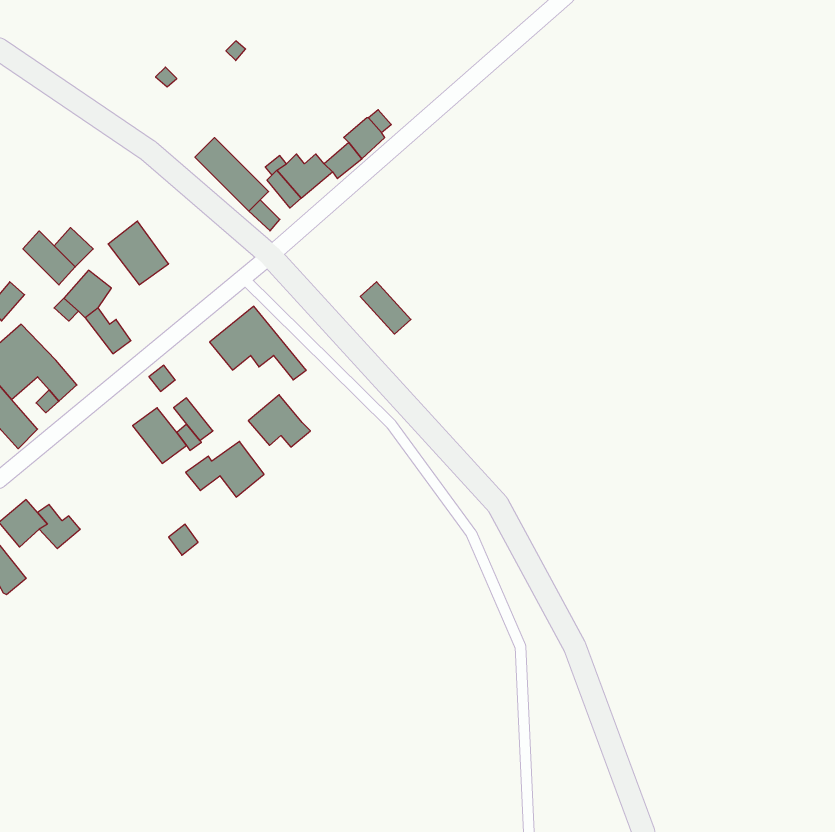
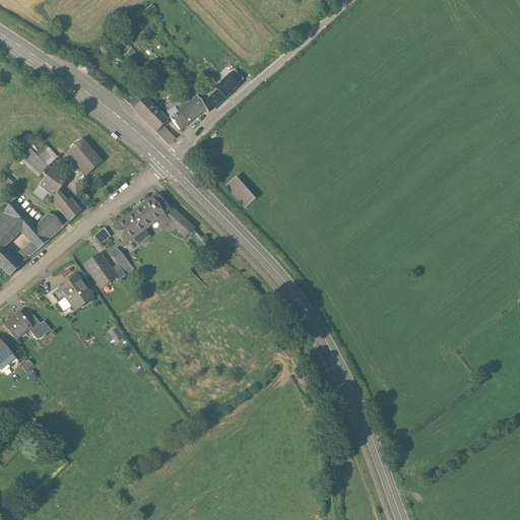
building: none -> [35,208,65,239]
building: [248,395,310,447] -> [111,212,149,245]
building: [186,441,264,497] -> [44,274,92,309]

